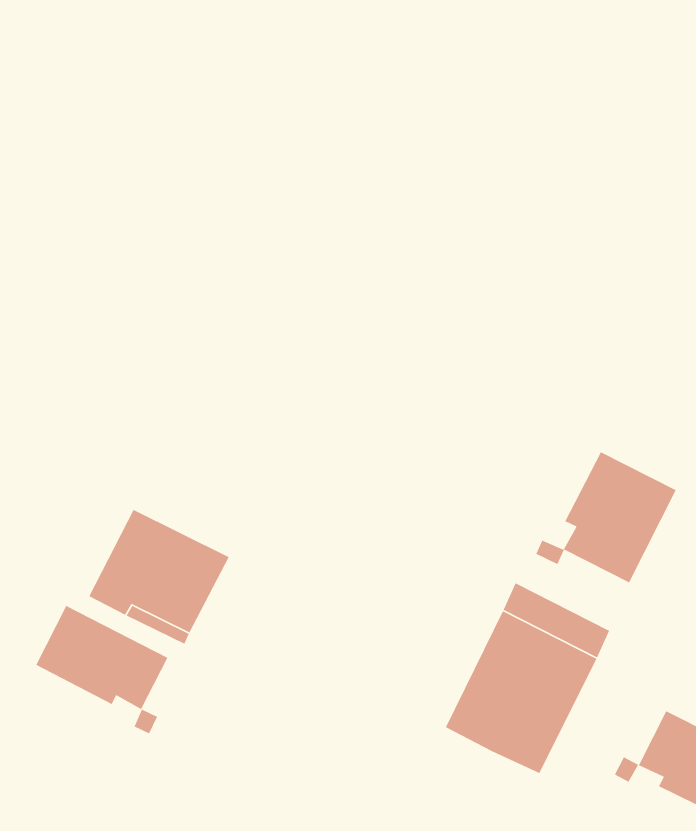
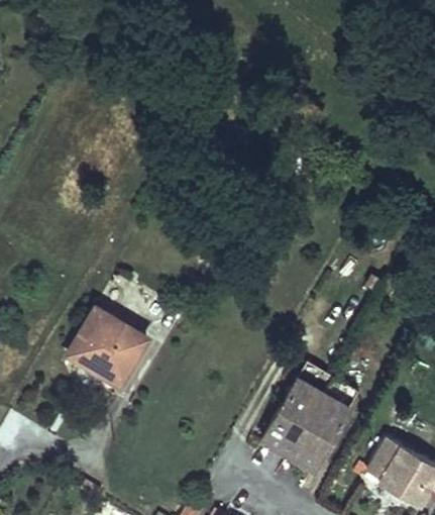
building: [535,451,677,583] -> none
building: [35,605,169,734] -> none

